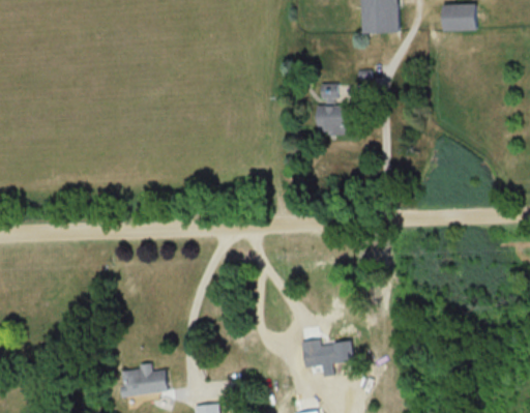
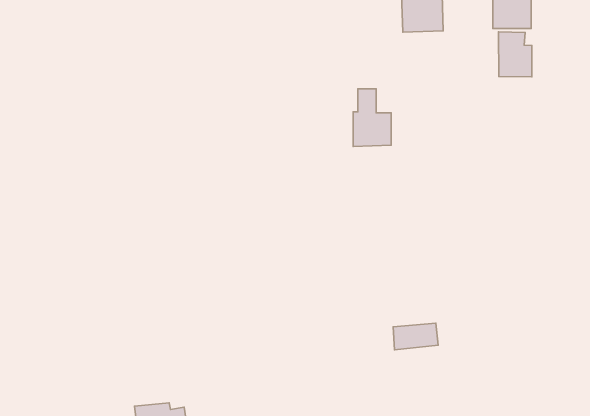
building: none -> [498,32,532,77]
building: [312,343,352,366] -> [393,323,438,350]

